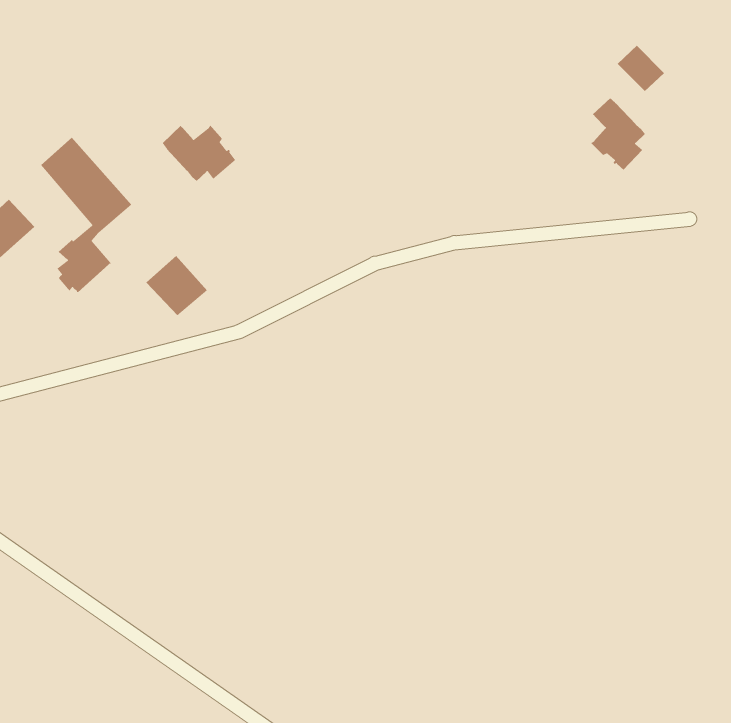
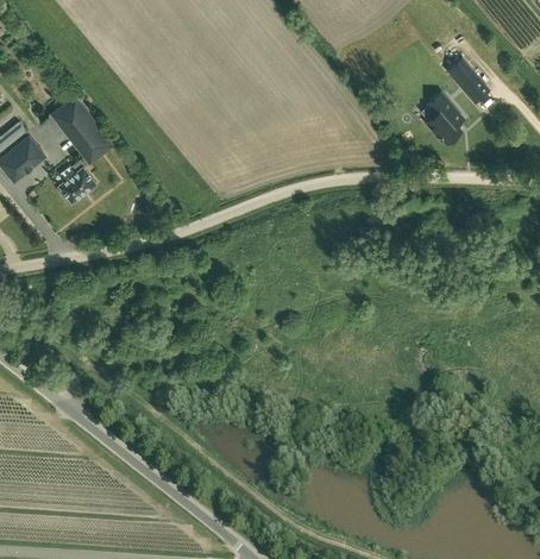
building: [162,124,236,182] -> none
building: [146,255,208,316] -> none

